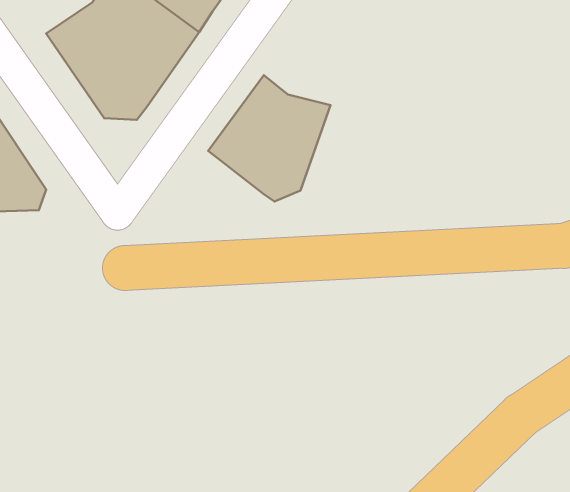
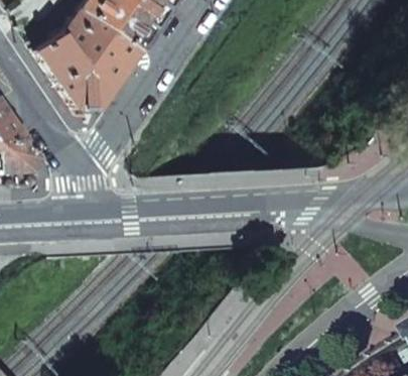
building: [208,75,331,202] -> none

